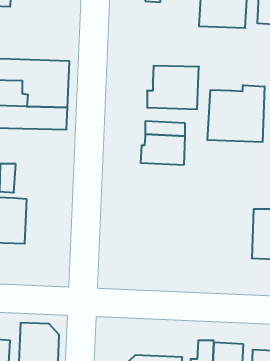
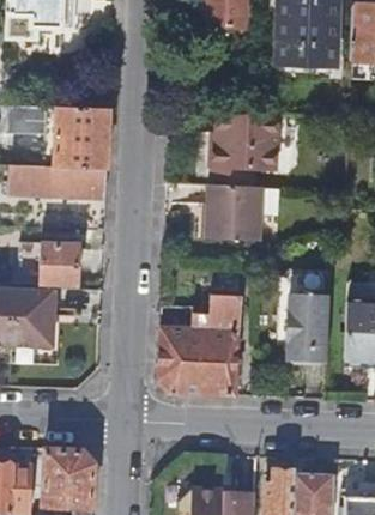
building: [208,85,265,142] -> none
building: none -> [37,241,78,286]
building: none -> [285,290,329,360]
building: none -> [158,295,238,396]

